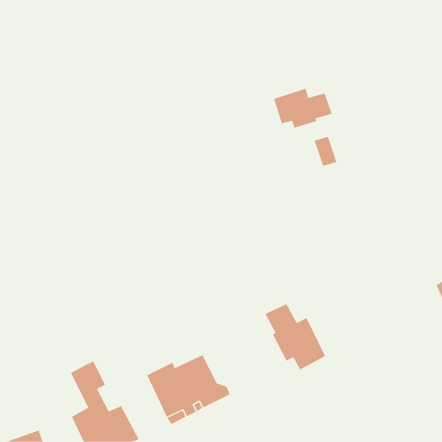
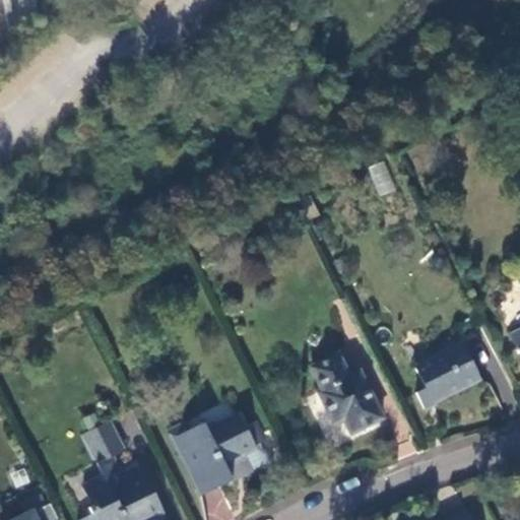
building: [274,88,332,128] -> none
building: none -> [415,343,481,411]

